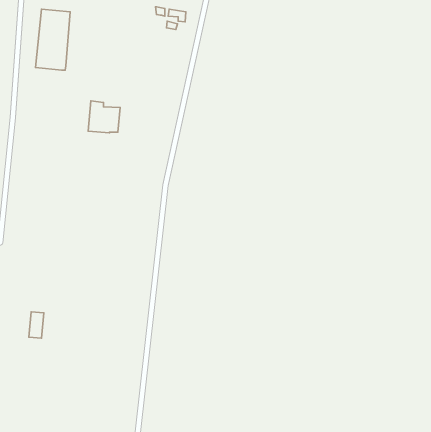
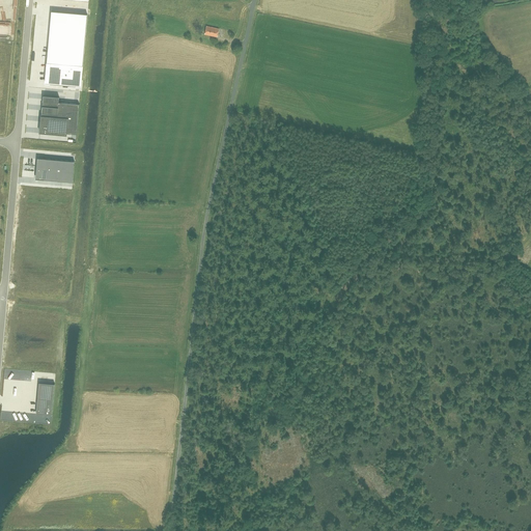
building: [88,101,120,133] -> [39,95,79,135]
building: none -> [35,158,74,183]

